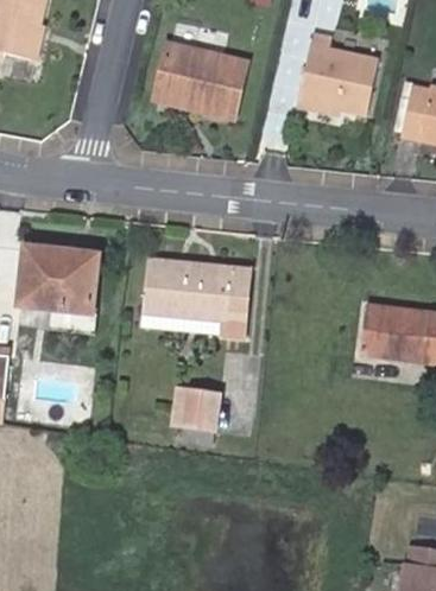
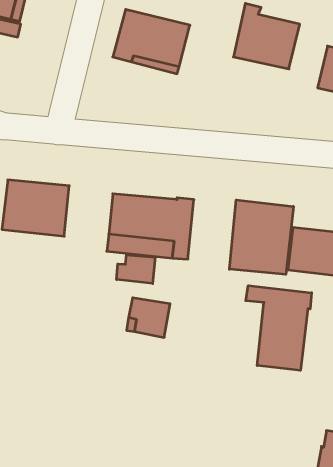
building: none -> [229,200,293,274]
building: none -> [117,255,155,284]
building: none -> [246,286,312,370]

